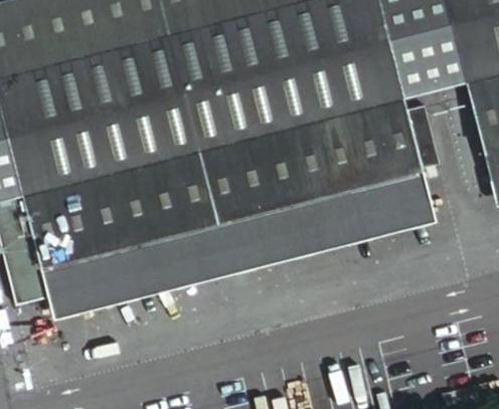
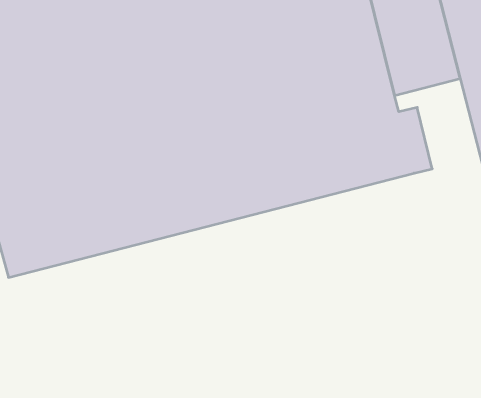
building: [43,185,430,312] -> none

